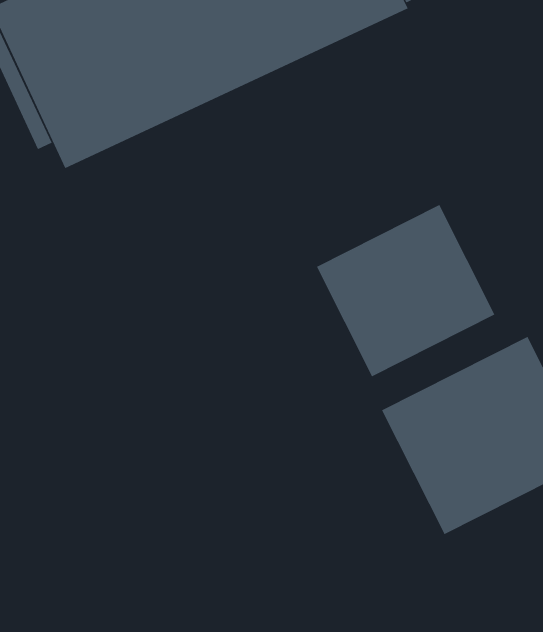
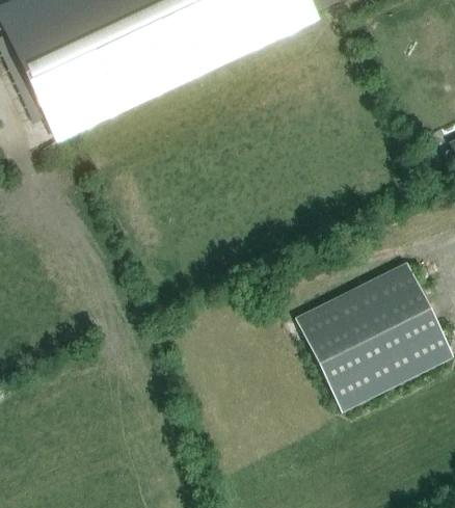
building: [316,204,495,377] -> none

